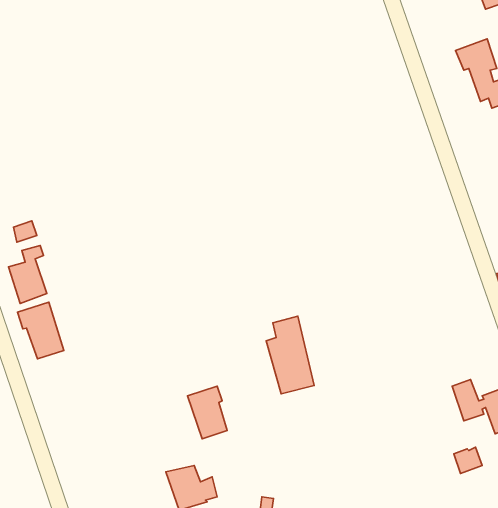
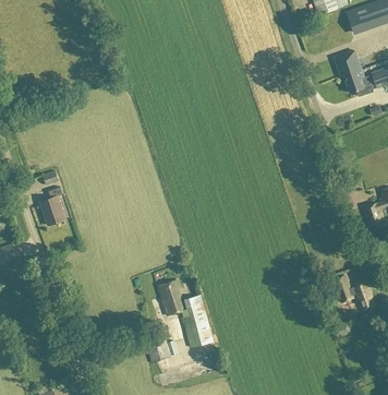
building: [17,302,64,359] -> none
building: [266,316,314,394] -> [181,295,213,346]

